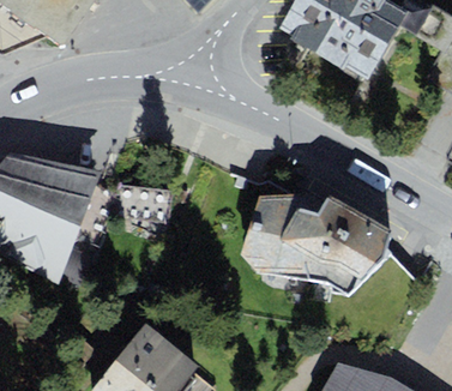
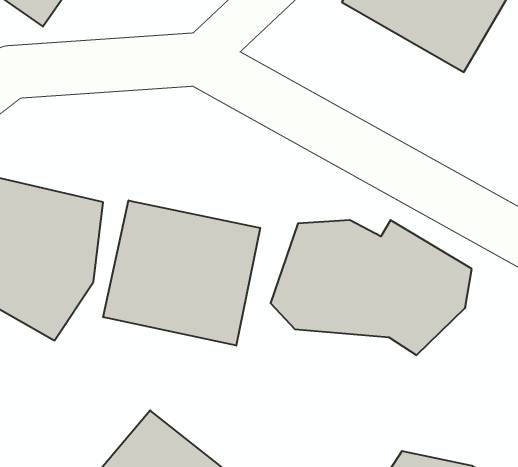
building: none -> [103,200,260,346]

